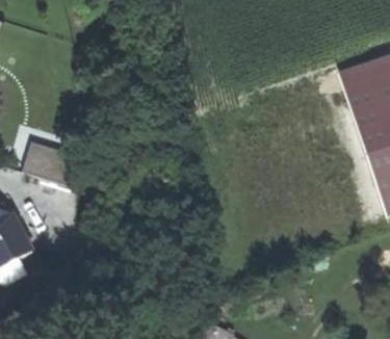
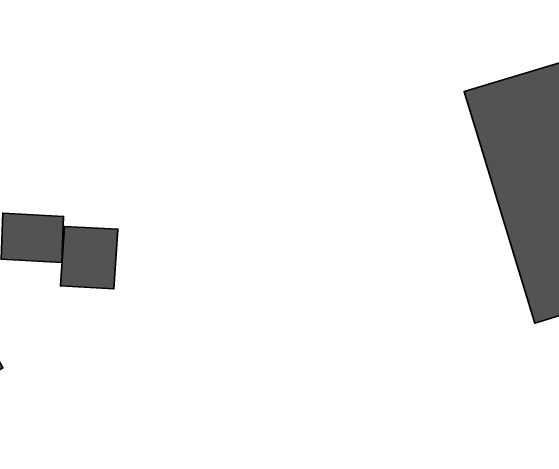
building: none -> [61,226,118,289]

